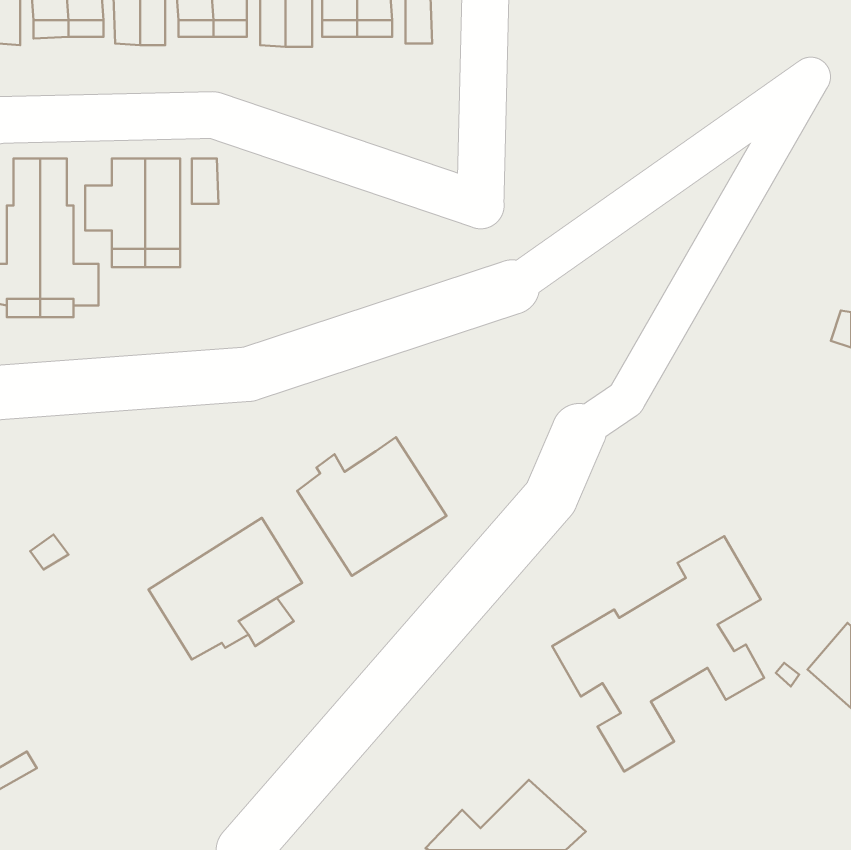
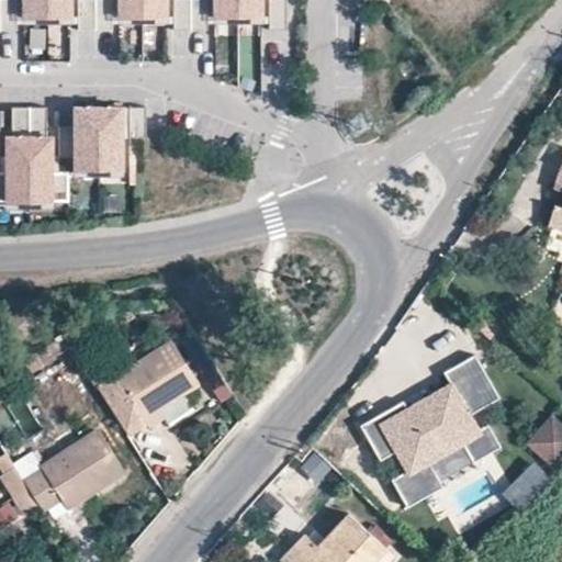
building: [297,437,446,576] -> none
building: none -> [23,429,125,509]
building: none -> [503,462,551,508]

